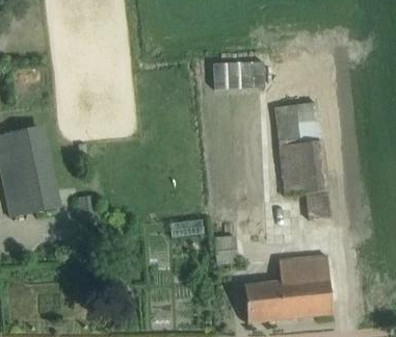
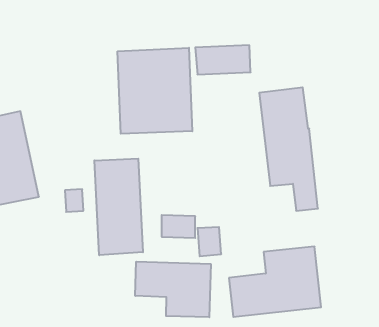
building: none -> [118,48,192,134]
building: none -> [94,159,143,255]
building: none -> [135,262,211,317]

